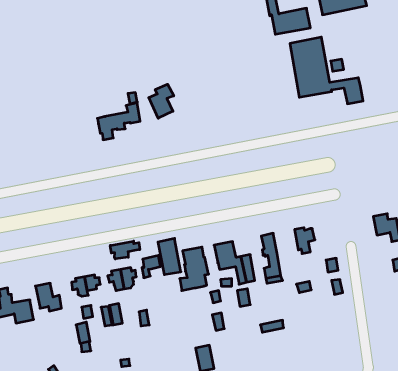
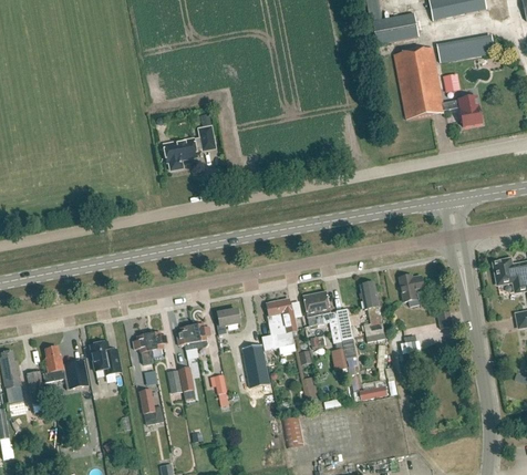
building: none -> [438,33,496,61]
building: [149,84,174,118] -> none
building: [158,238,181,275] -> [241,343,269,386]
building: [110,241,140,259] -> none

